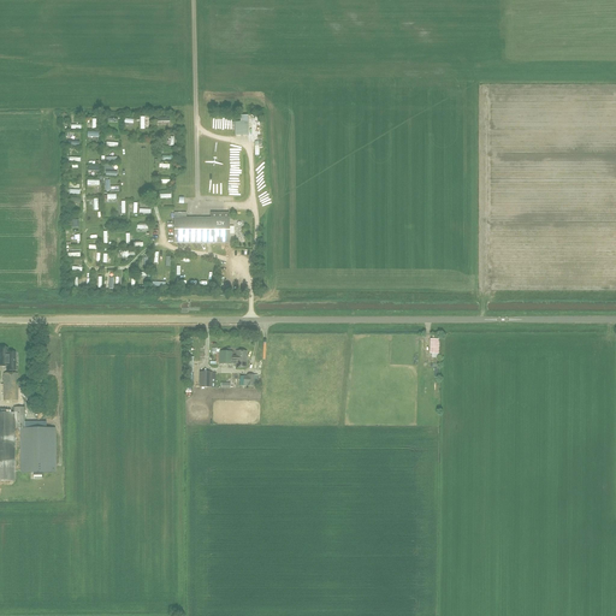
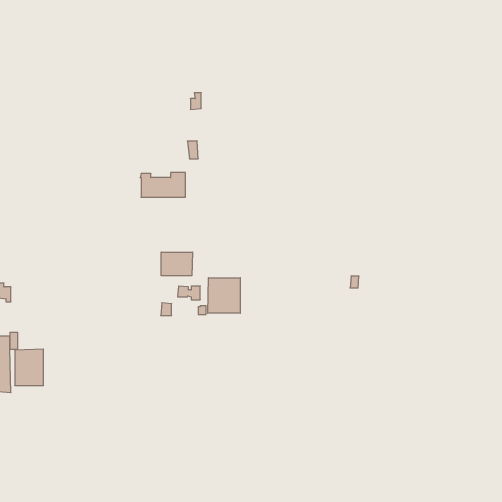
building: none -> [161,252,193,276]
building: none -> [208,278,240,313]

